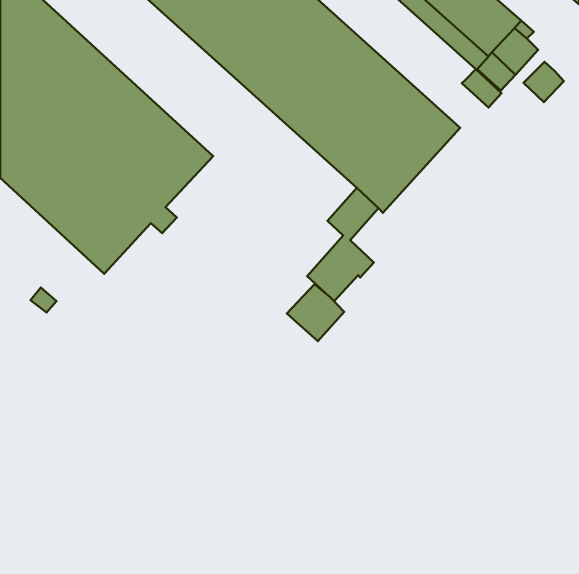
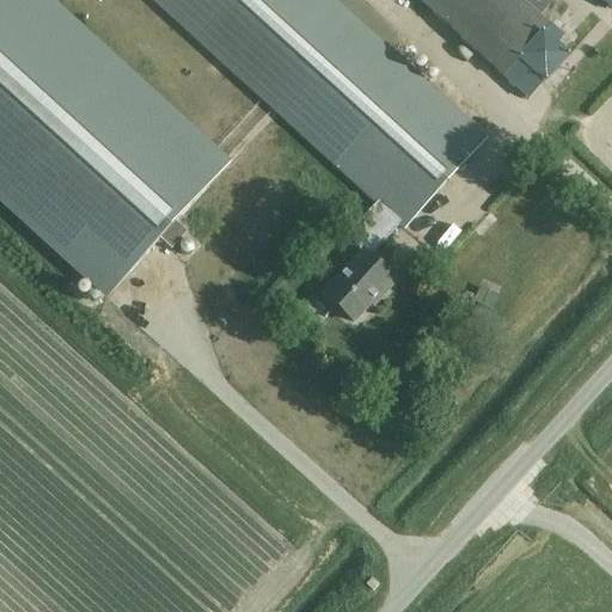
building: [523,62,564,102] -> none
building: [462,69,501,107] -> none
building: [287,284,344,341] -> none

